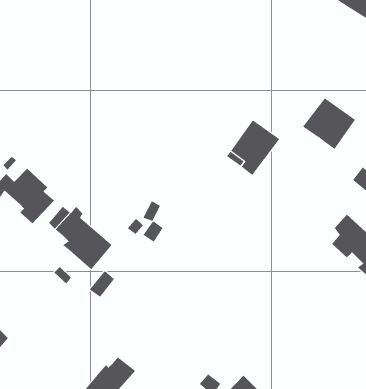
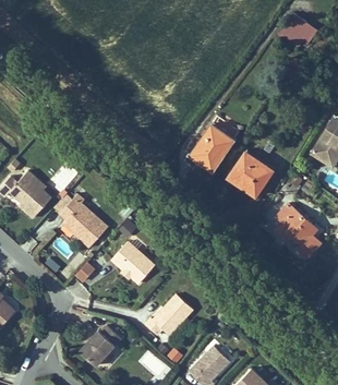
building: [302,98,356,150] -> [233,156,278,200]
building: none -> [112,241,156,284]
building: none -> [141,290,188,332]

